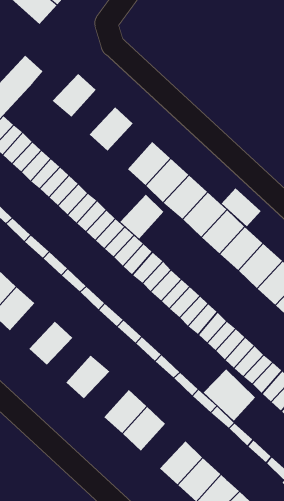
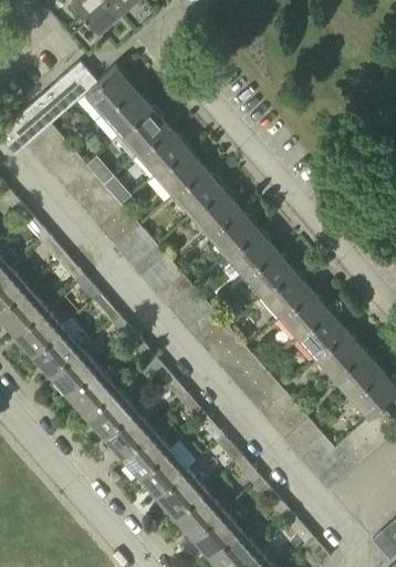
building: none -> [85,66,134,115]
building: none -> [122,109,169,155]
building: [221,187,261,227] -> none
building: [120,194,164,240] -> [156,148,205,196]
building: none -> [32,328,88,375]
building: none -> [67,369,115,415]
building: [203,369,256,422] -> none
building: none -> [103,409,152,456]
building: none -> [157,471,206,517]

